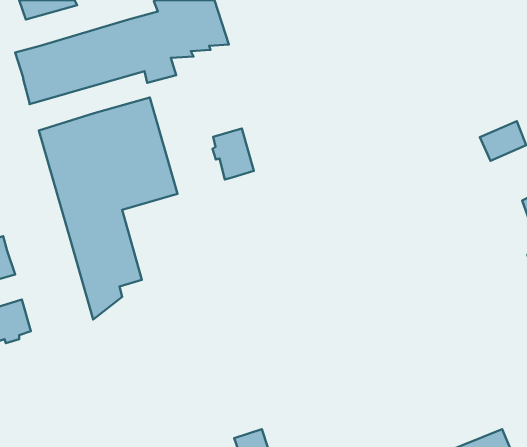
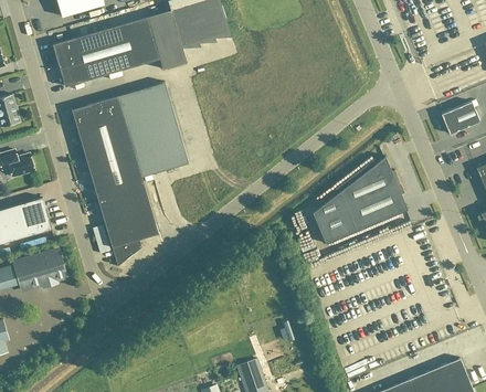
building: [213,128,254,179] -> none
building: none -> [313,157,408,244]

